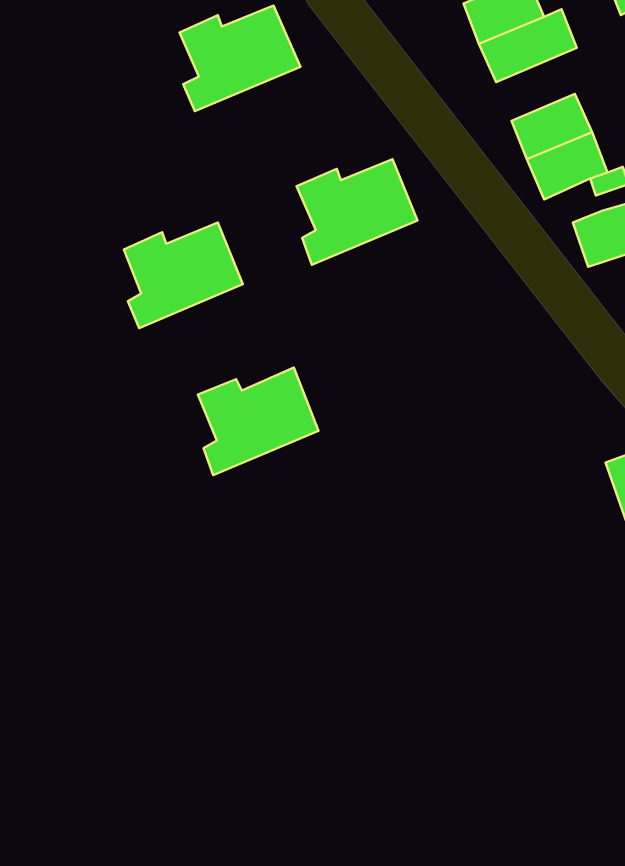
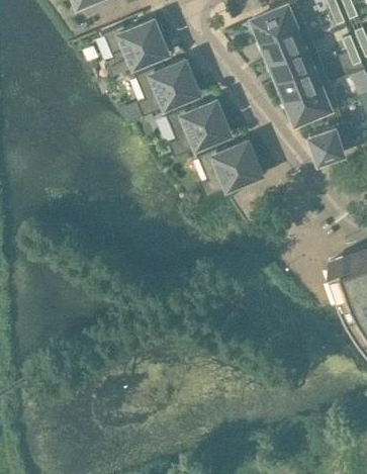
building: none -> [270,42,320,81]
building: [124,223,243,328] -> [134,61,197,116]
building: [198,367,319,475] -> [196,140,260,197]

